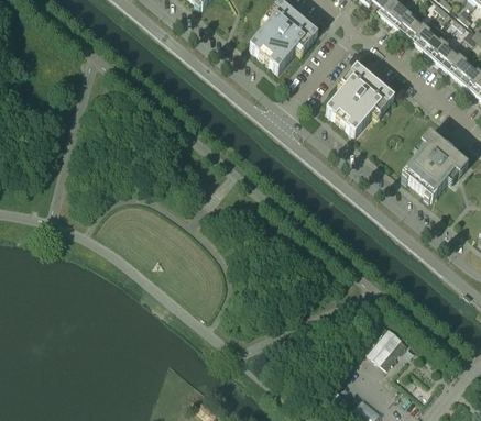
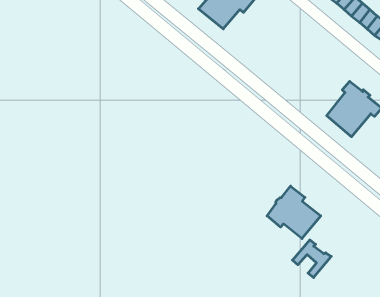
building: [327,68,395,137] -> none
building: none -> [267,186,321,239]

